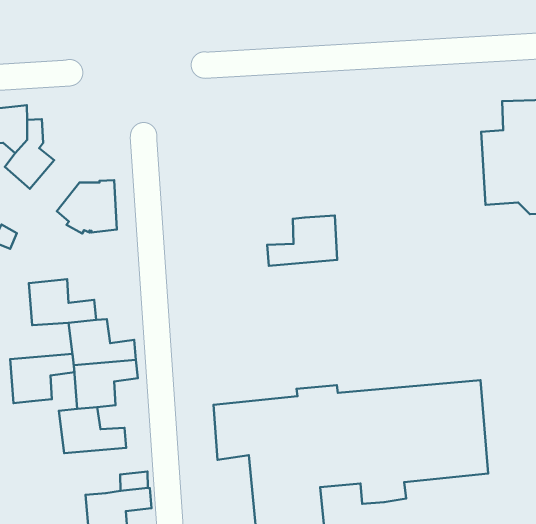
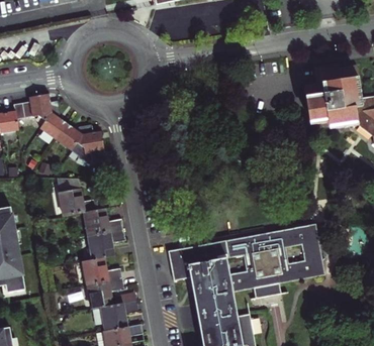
building: none -> [55,122,93,150]
building: [267,216,337,266] -> none
building: [10,354,74,403] -> [87,278,123,309]

